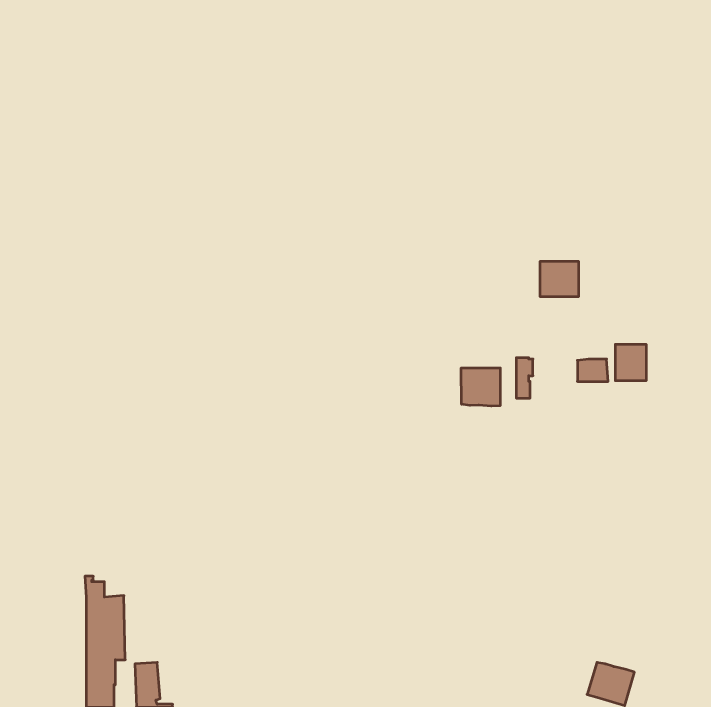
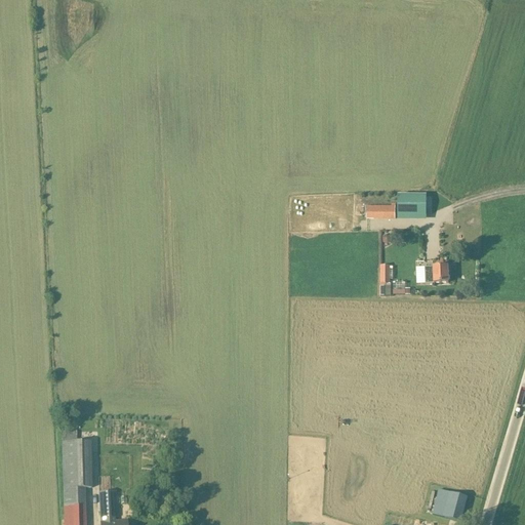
building: none -> [366,201,396,217]
building: [615,344,646,381] -> none
building: [461,368,500,406] -> none

